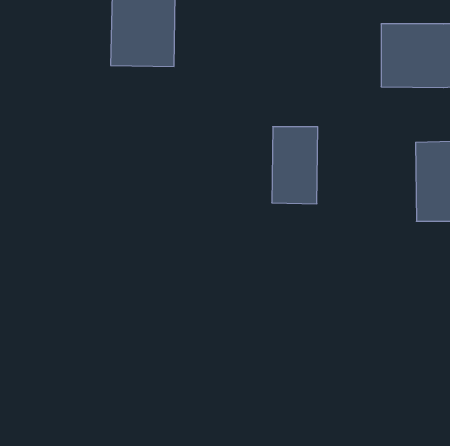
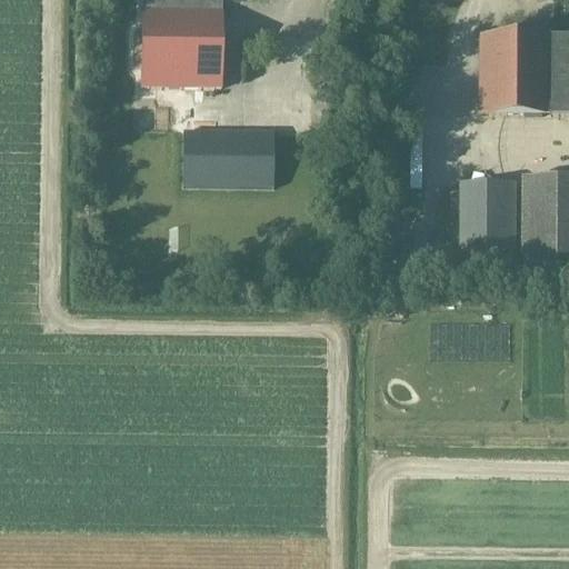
building: none -> [182,128,272,182]
building: [272,127,318,204] -> [461,179,519,276]

